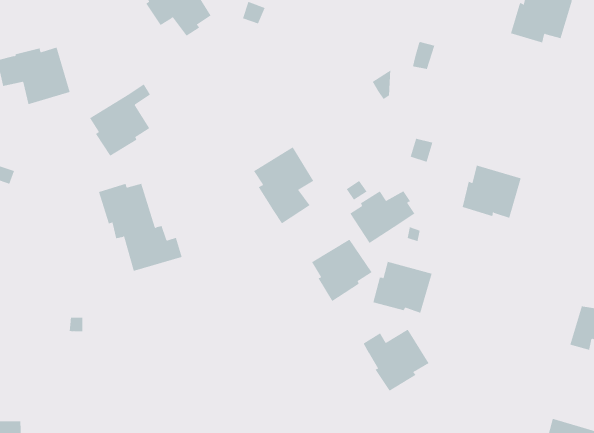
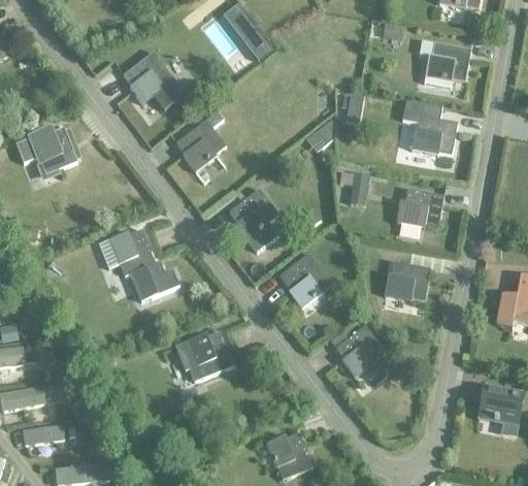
building: none -> [402,100,457,155]
building: [89,84,151,156] -> [175,109,225,170]
building: [349,190,415,244] -> none
building: [373,261,432,314] -> [384,261,429,300]
building: none -> [174,330,234,381]

